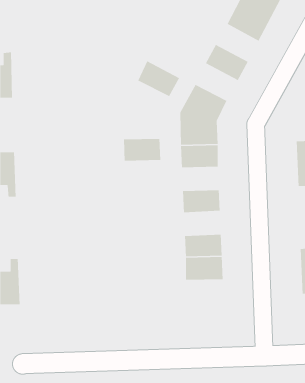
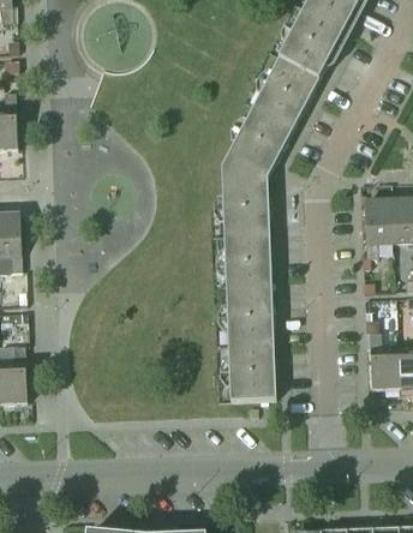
building: none -> [265,60,318,106]
building: [137,60,180,97] -> [240,108,293,154]
building: [123,138,161,162] -> [223,235,270,264]
building: none -> [226,289,273,319]
building: none -> [228,373,275,402]

